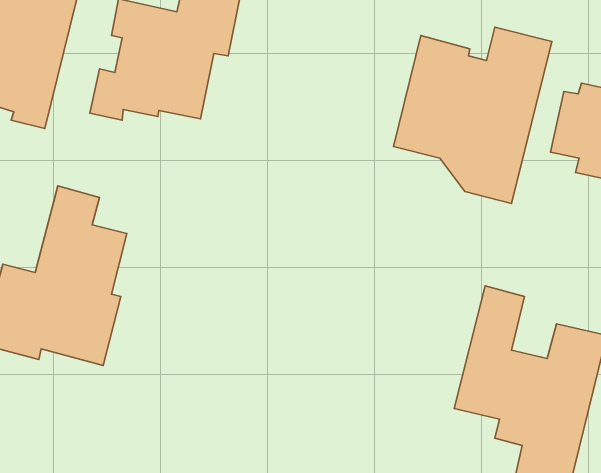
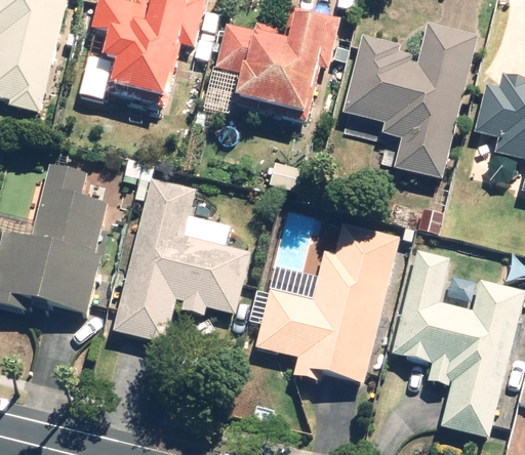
building: none -> [218,14,334,115]
building: none -> [115,176,249,341]
building: none -> [253,219,399,382]

